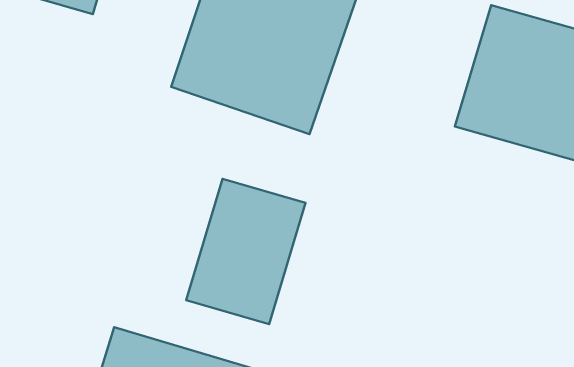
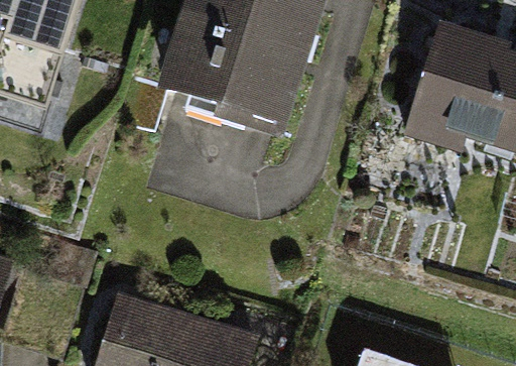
building: [186,179,305,324] -> none

